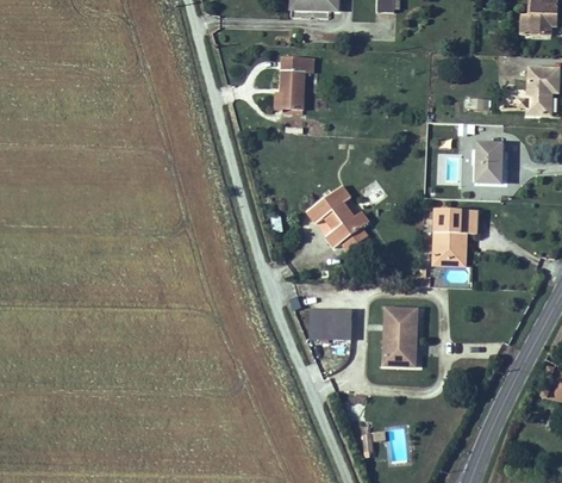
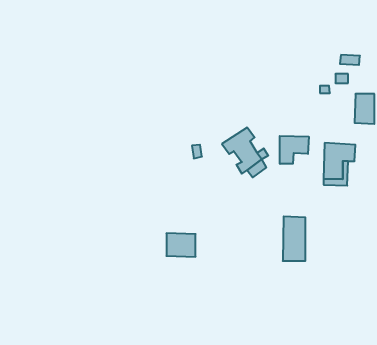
building: [282,68,311,119] -> none
building: none -> [280,136,309,164]
building: [299,305,337,336] -> [166,233,196,257]

